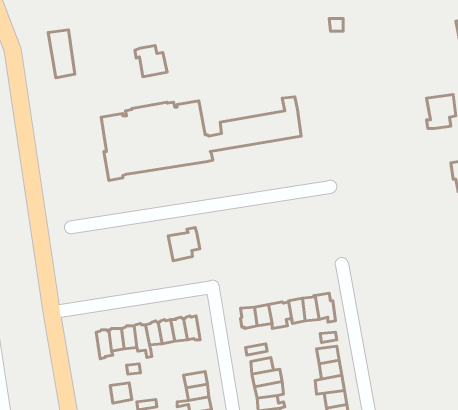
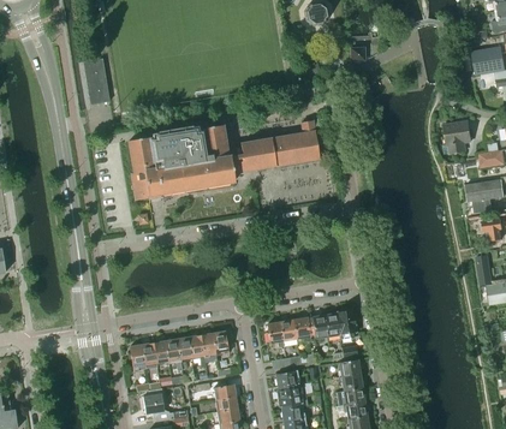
building: [135,45,167,77] -> none
building: [168,228,200,261] -> none

